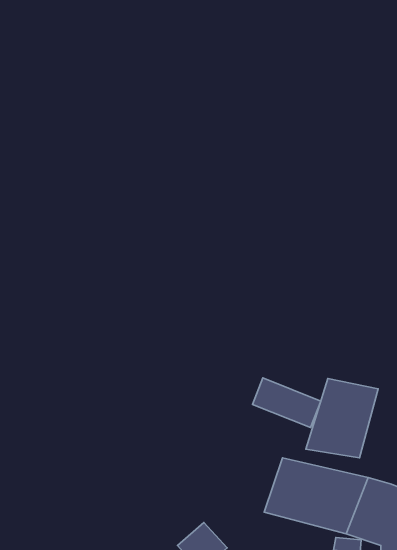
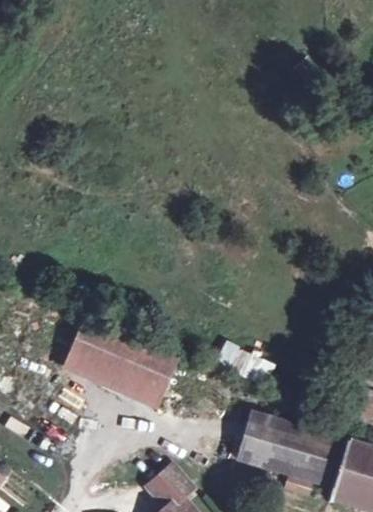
building: none -> [65,327,174,403]
building: [306,379,378,458] -> none

